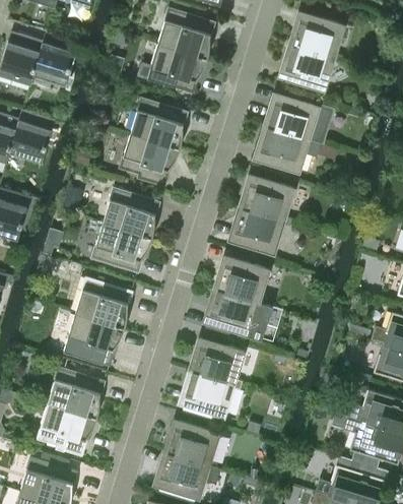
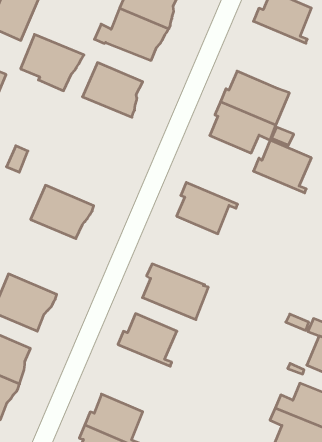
building: [282,44,341,89] -> none
building: [120,133,180,185] -> [21,34,84,91]
building: [239,175,293,223] -> [253,140,311,193]
building: [103,188,158,238] -> none
building: [213,257,269,304] -> none
building: [75,277,131,327] -> none
building: [182,370,241,416] -> none

